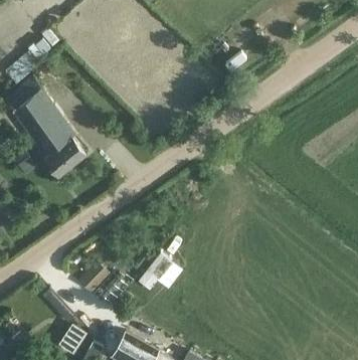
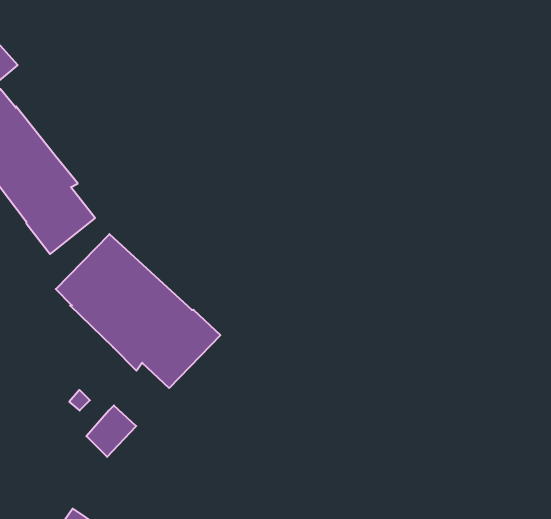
building: none -> [56,234,220,388]

